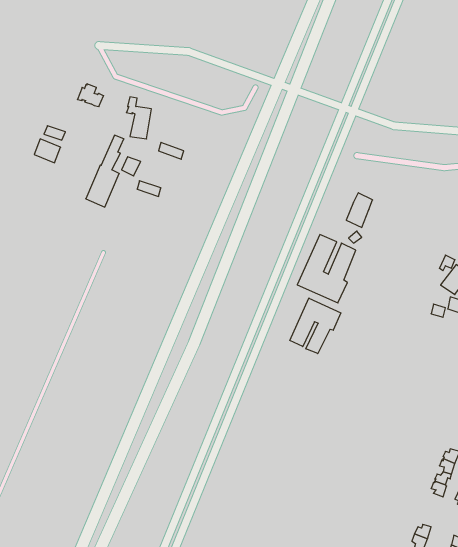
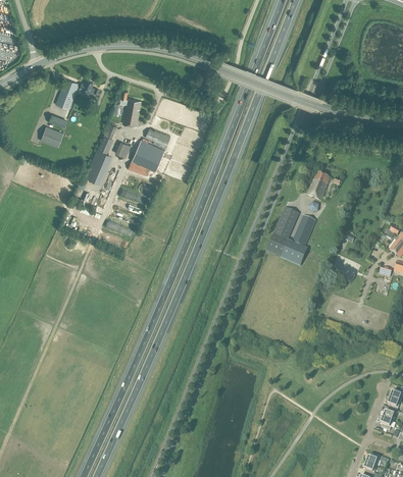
building: none -> [56,77,79,108]
building: none -> [133,139,164,167]
building: [290,298,341,354] -> none

